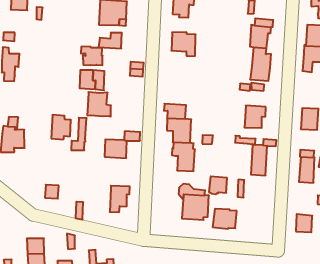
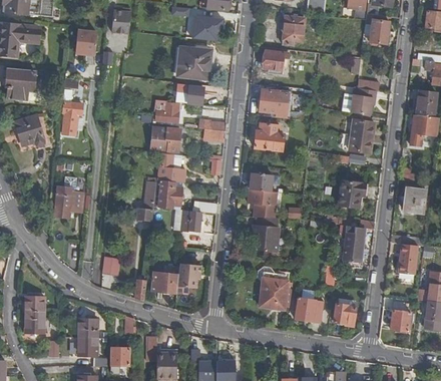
building: none -> [254,122,284,150]
building: [51,115,71,139] -> [157,179,181,209]
building: [209,176,227,194] -> [333,303,355,324]
building: none -> [151,265,178,293]

